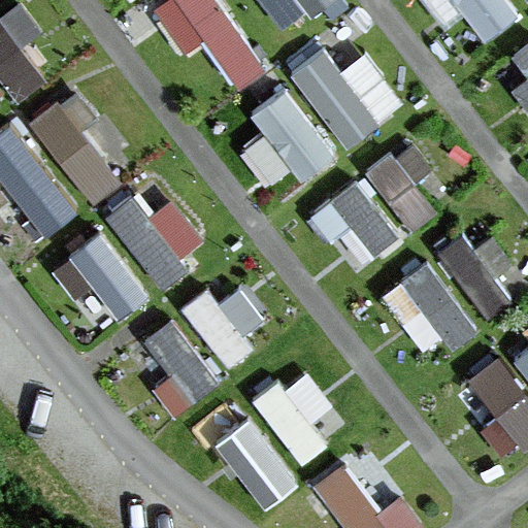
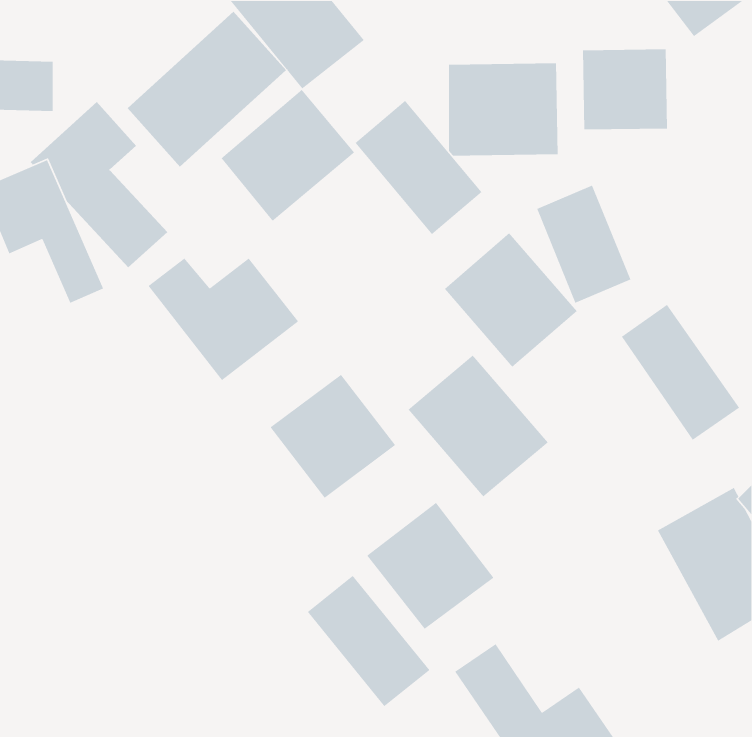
building: none -> [127,11,287,168]
building: none -> [582,49,668,130]
building: none -> [221,89,355,222]
building: [59,227,150,322] -> none
building: [378,257,476,356] -> [407,354,549,497]
building: [126,317,224,416] -> none

